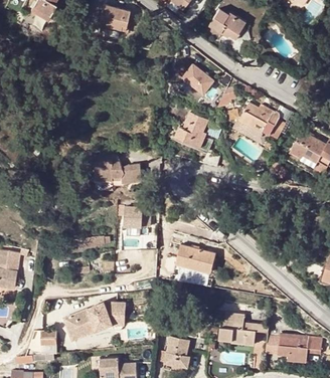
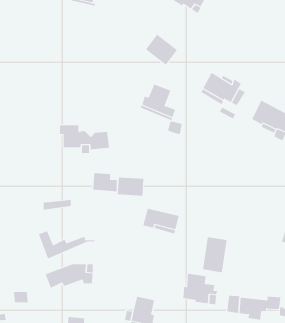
building: none -> [117,177,144,196]
building: none -> [203,236,227,273]
building: [64,314,125,344] -> [38,230,95,259]

